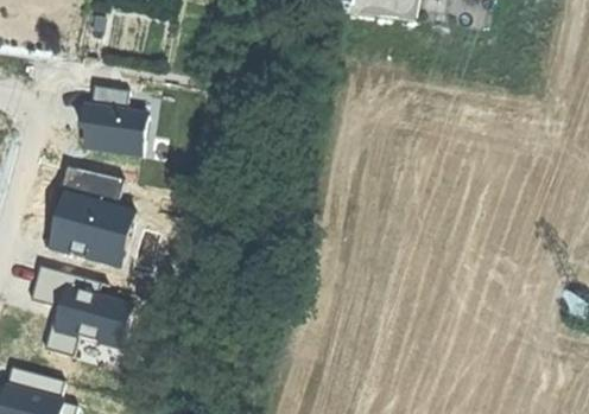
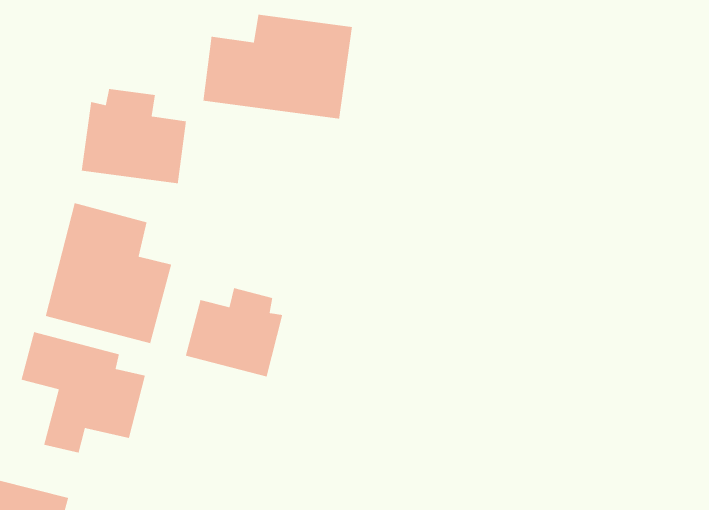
building: none -> [203,14,353,119]
building: none -> [185,287,283,378]

